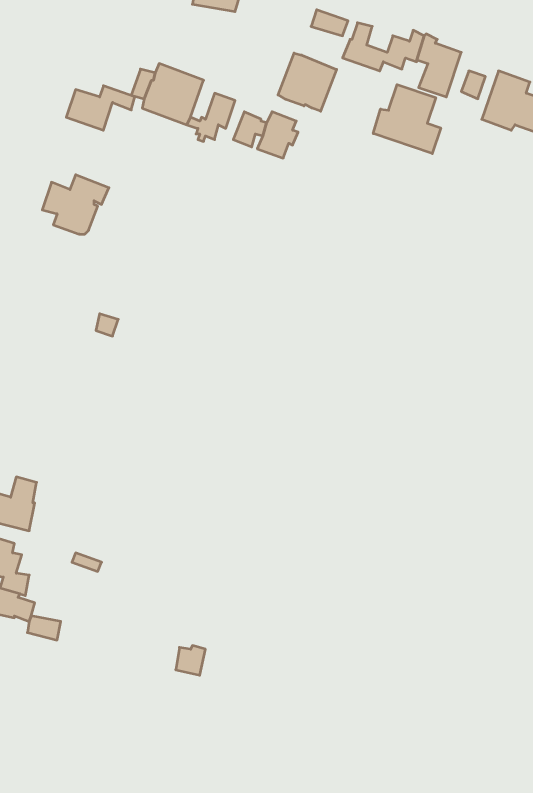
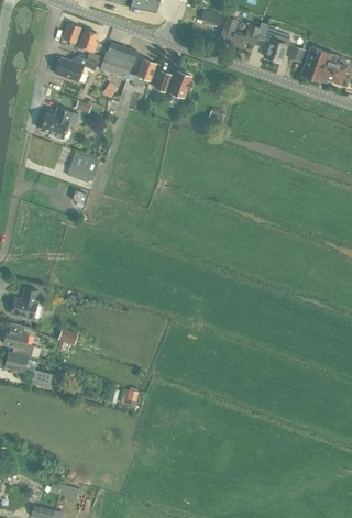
building: none -> [63,23,97,52]
building: [278,53,337,111] -> none
building: [373,85,441,154] -> none
building: none -> [66,152,99,181]

